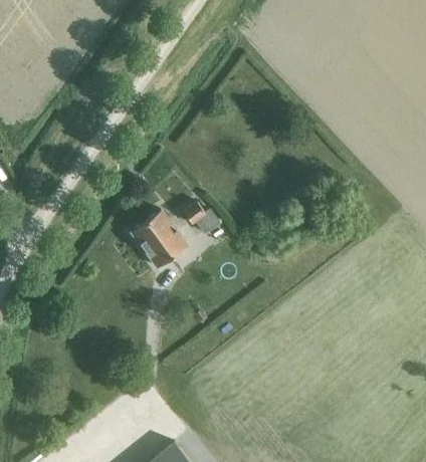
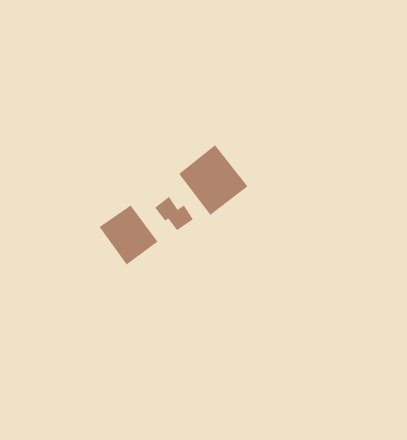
building: none -> [178,144,248,216]

